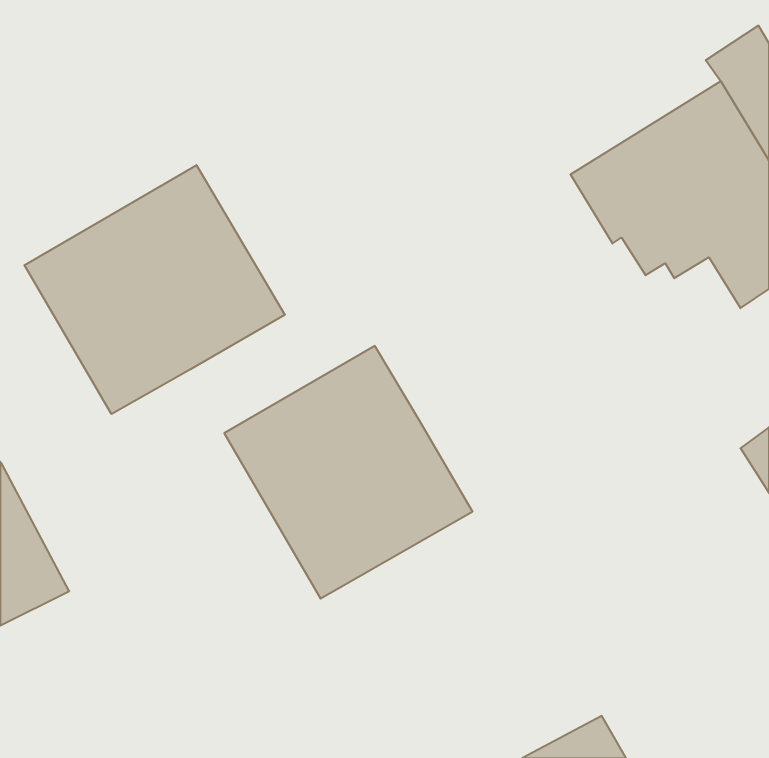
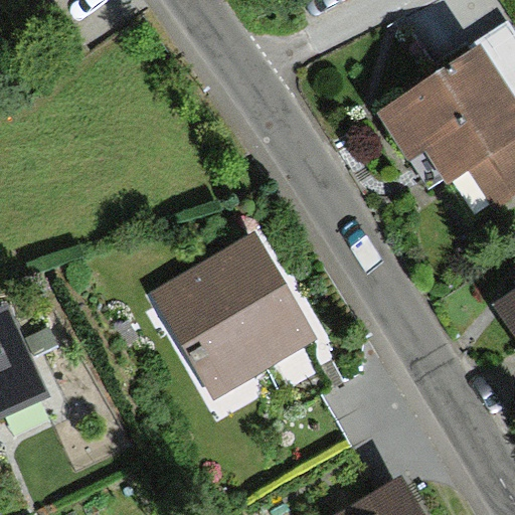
building: [24,165,285,414] -> none

